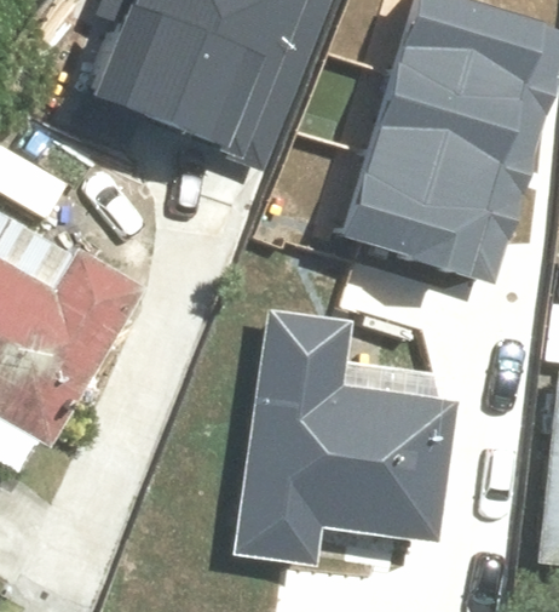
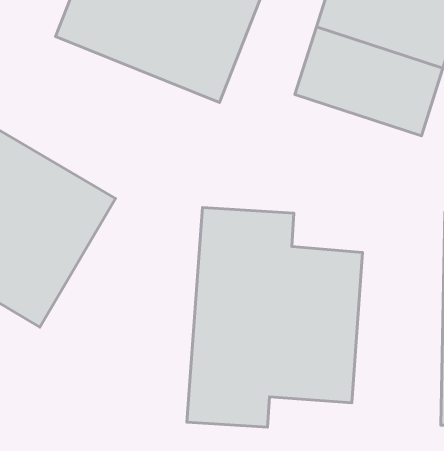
building: [339,155,523,288] -> none

